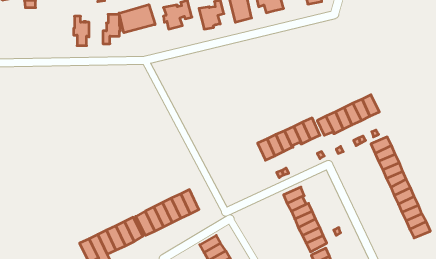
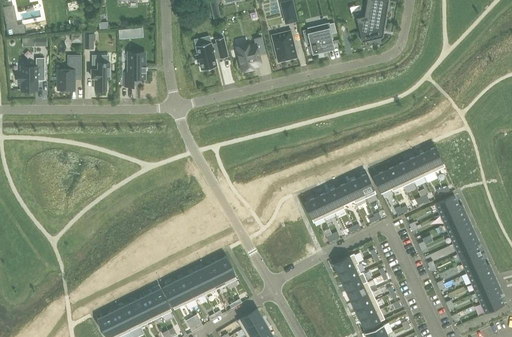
building: [119,5,155,33] -> none
building: none -> [58,55,81,89]
building: none -> [18,58,44,89]

